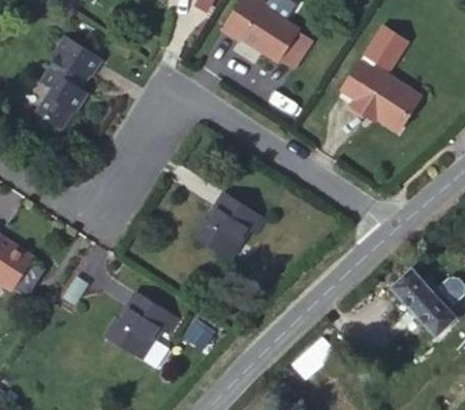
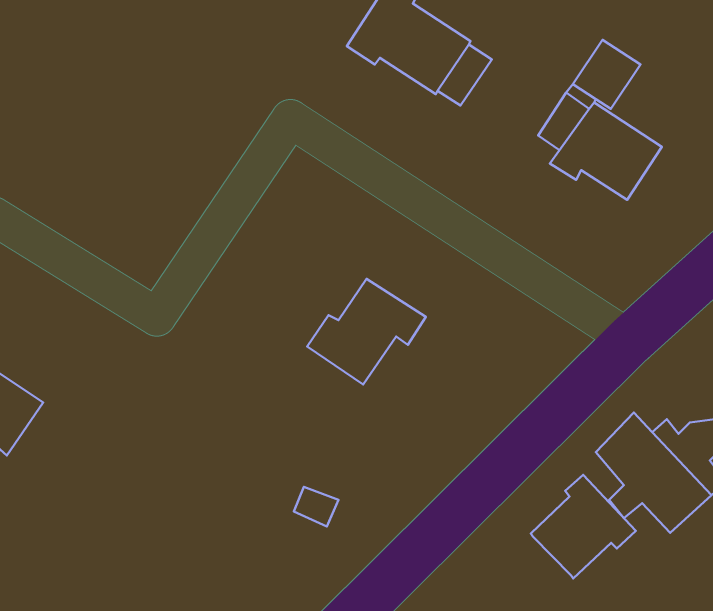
building: [32,39,100,132] -> none
building: [102,295,184,362] -> none
building: none -> [531,475,636,578]

